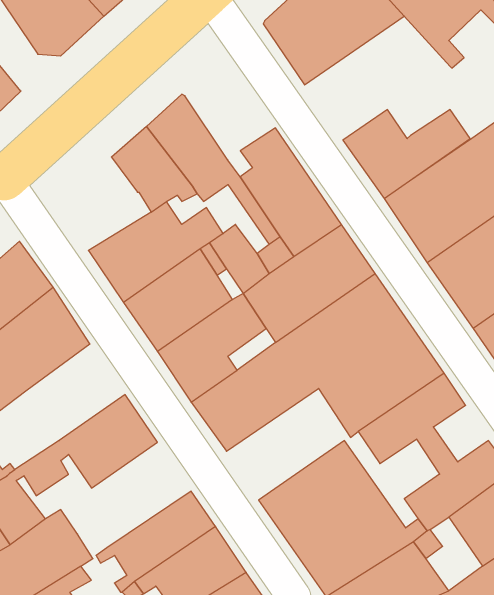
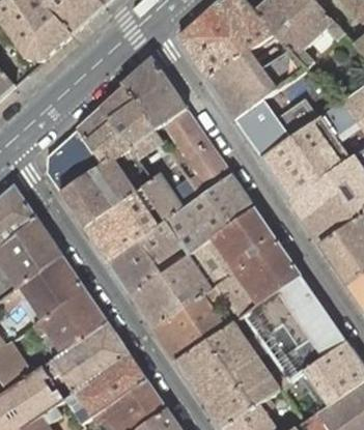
building: none -> [206,33,305,117]
building: none -> [121,56,187,142]
building: none -> [46,128,103,192]
building: none -> [19,255,85,320]
building: none -> [153,285,237,361]
building: none -> [41,321,130,393]

